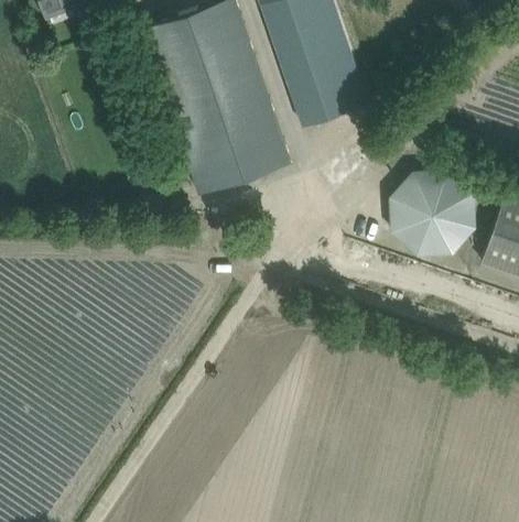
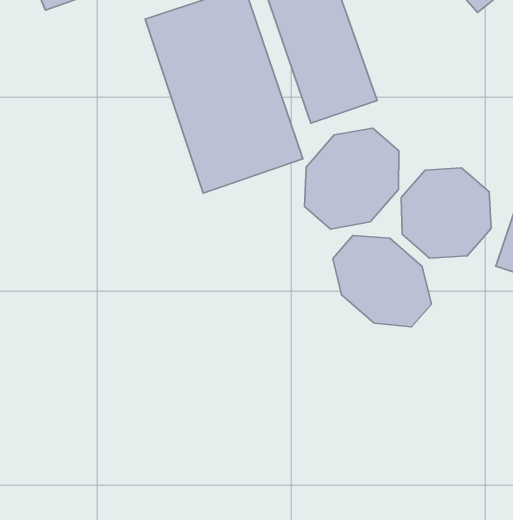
building: none -> [305,128,399,229]
building: none -> [333,235,431,327]

